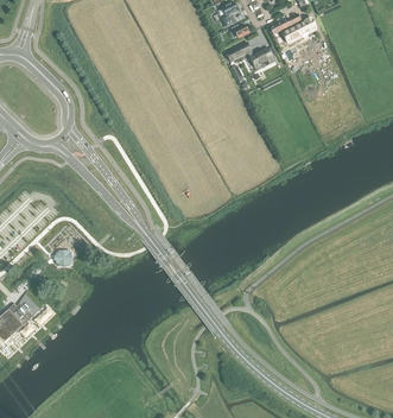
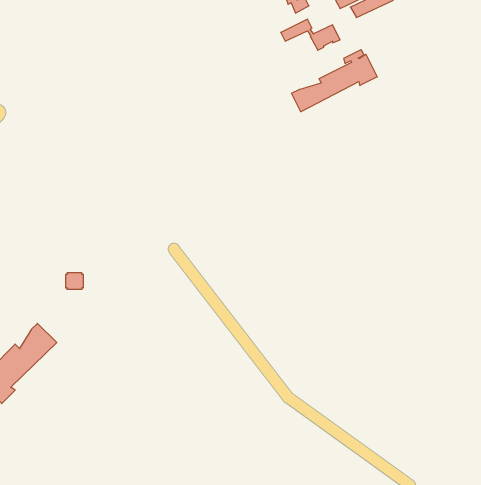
building: none -> [292,50,377,112]

